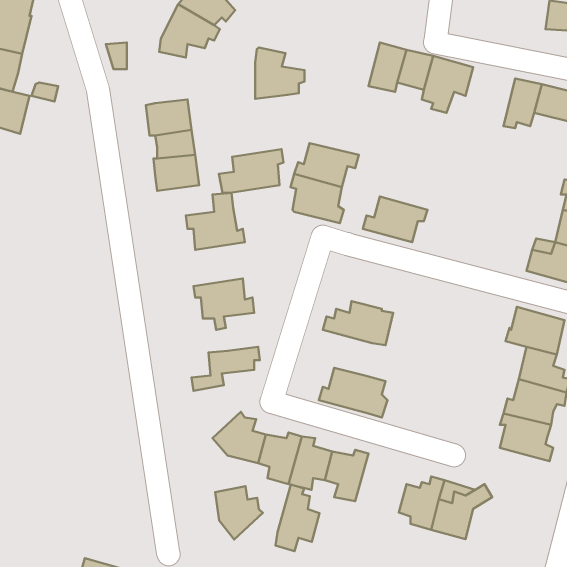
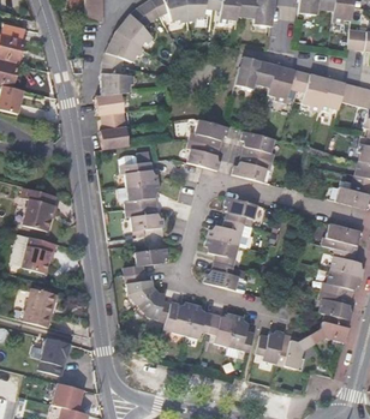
building: [255,47,305,99] -> [101,62,132,95]
building: none -> [297,72,328,110]
building: [219,149,283,193] -> [118,182,159,210]
building: none -> [241,132,274,162]
building: none -> [20,186,54,232]
building: none -> [225,197,257,227]
building: none -> [10,234,54,273]
building: none -> [205,238,238,267]
building: none -> [23,288,52,327]
building: none -> [309,316,350,343]
building: [276,485,319,551] -> [226,316,253,358]
building: none -> [37,336,70,375]
building: [215,486,263,540] -> [125,273,155,306]

